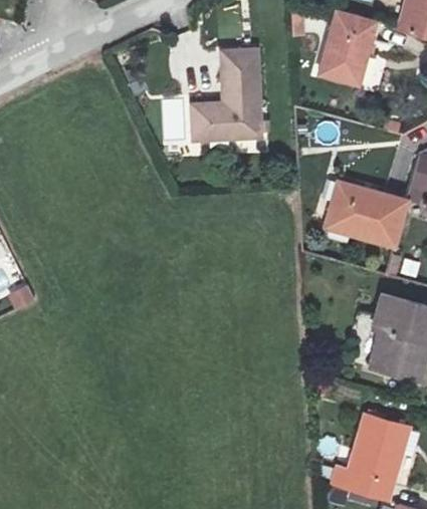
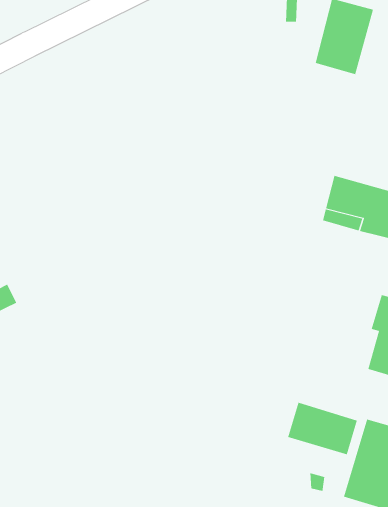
building: [192,51,262,144] -> none
building: none -> [288,402,357,455]

